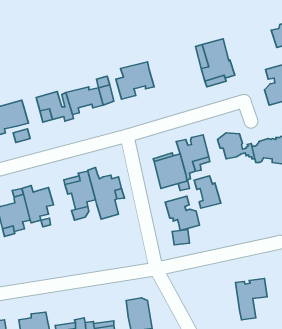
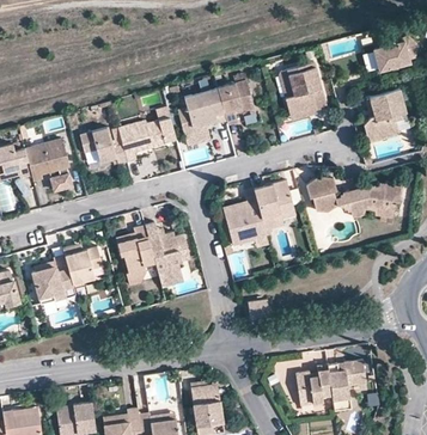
building: none -> [218,80,254,124]
building: [194,176,221,208] -> none
building: [165,196,200,231] -> none
building: none -> [297,364,333,405]

